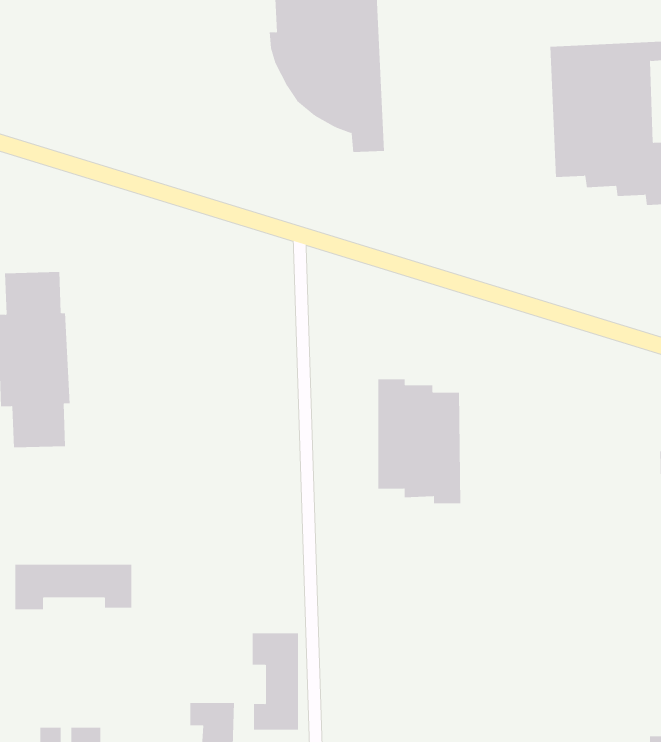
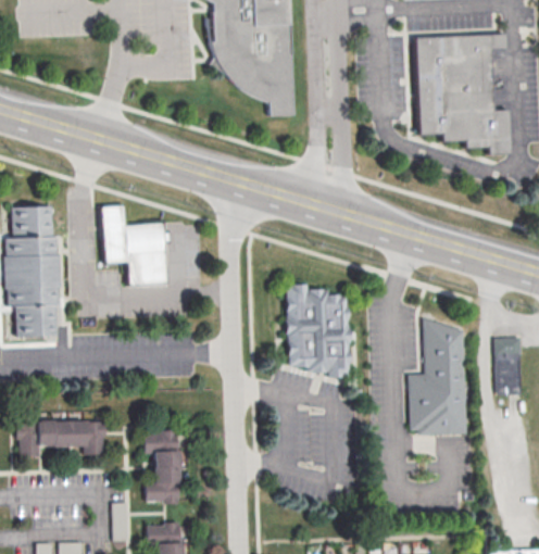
building: none -> [102,205,167,286]
building: none -> [409,319,466,436]
building: [252,633,299,730] -> [146,430,180,502]
building: none -> [114,503,130,541]

